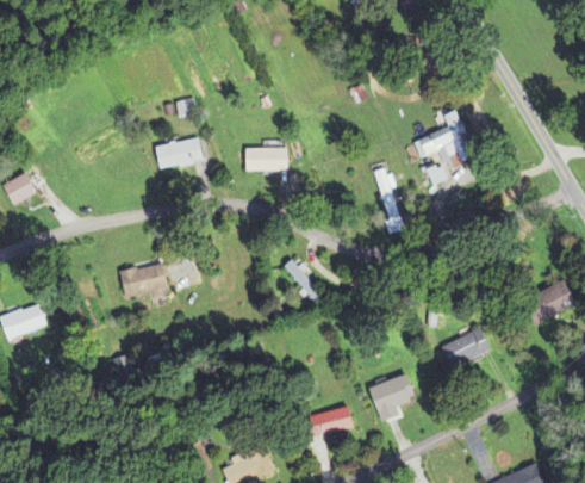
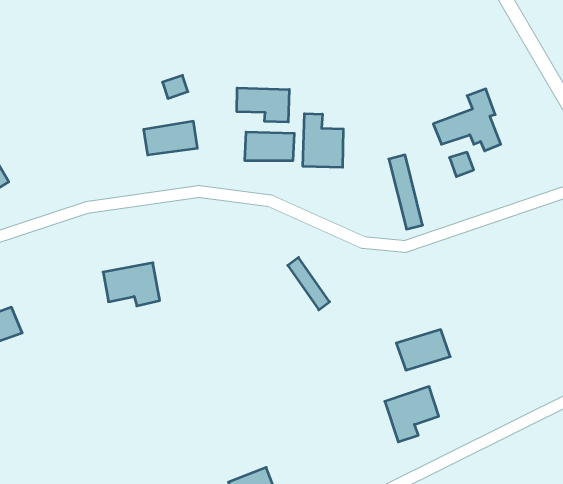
building: none -> [237,88,289,122]
building: none -> [303,114,343,167]
building: [443,329,491,365] -> [396,330,450,370]
building: [324,405,355,433] -> none

